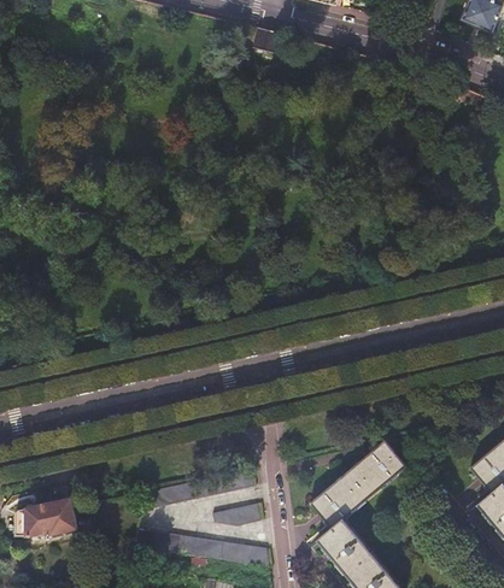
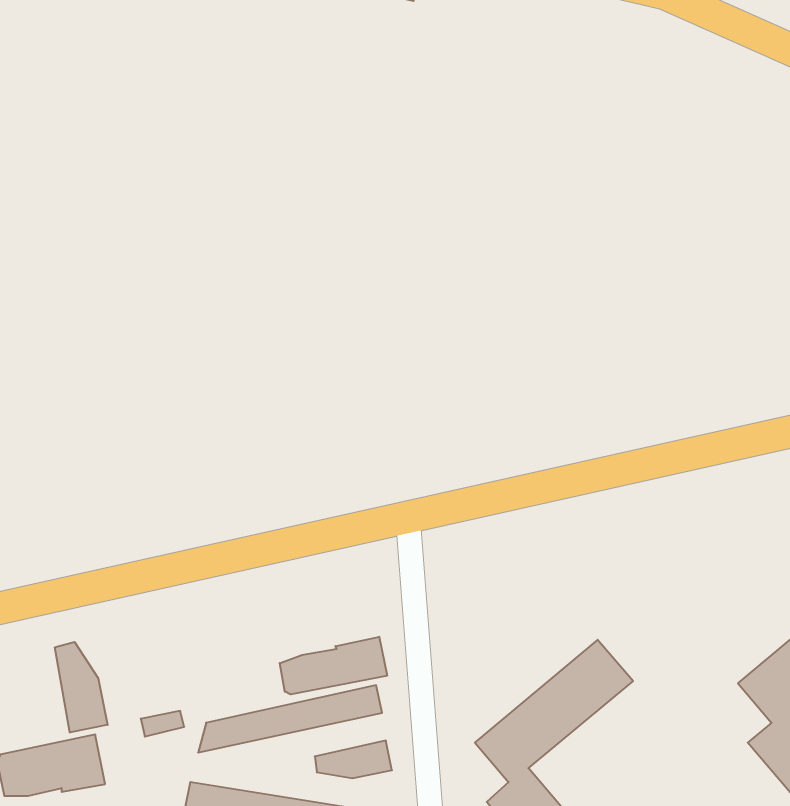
building: none -> [280,637,387,694]
building: none -> [55,642,108,733]

